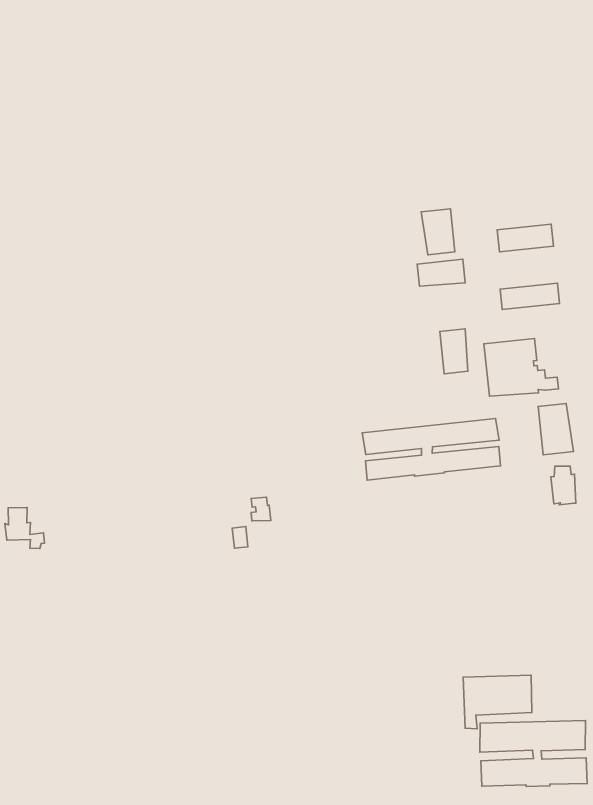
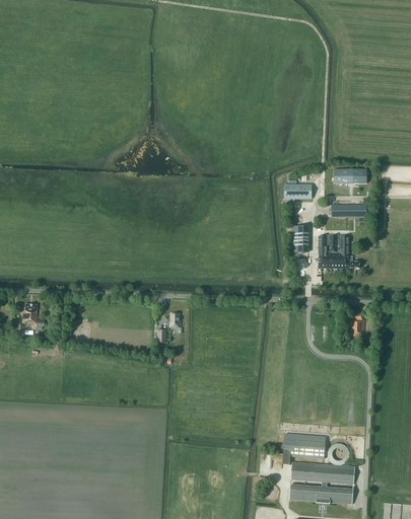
building: [421,209,455,255] -> none
building: [538,404,573,455] -> none
building: [362,419,501,480] -> none

